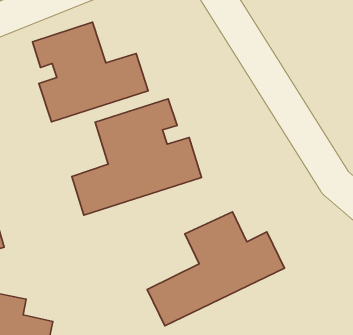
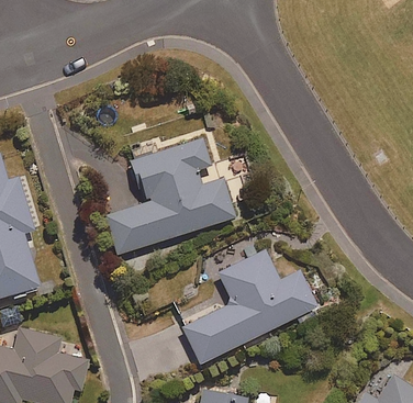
building: [32,22,148,122] -> none

